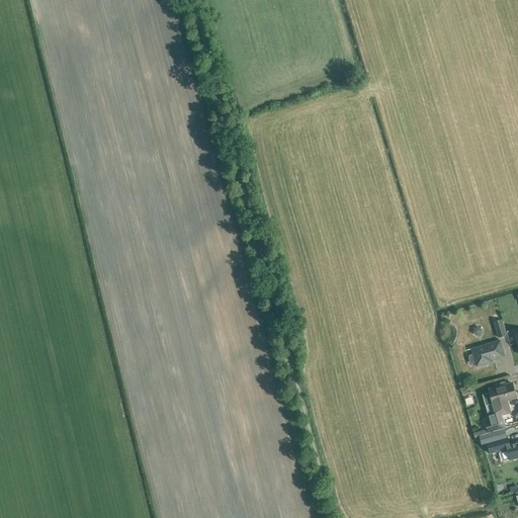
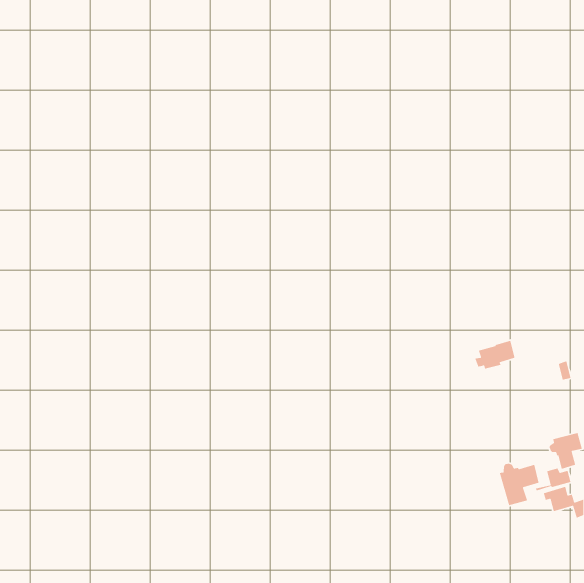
building: [467,339,504,365] -> [474,340,515,370]
building: none -> [499,463,540,506]

